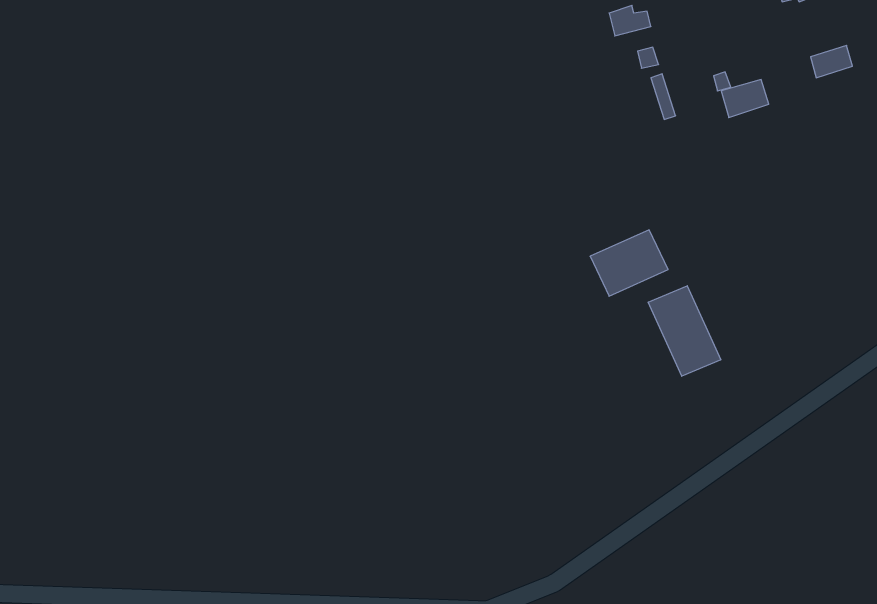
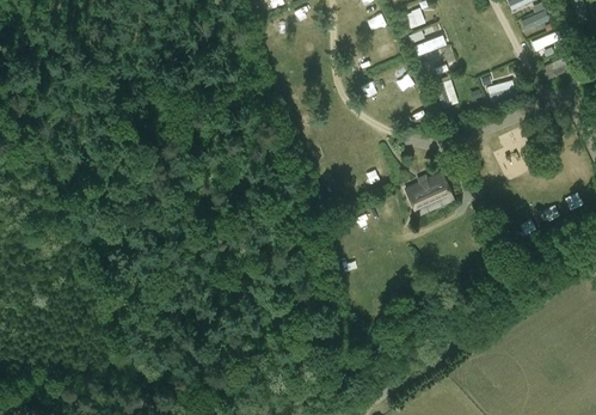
building: [648,286,721,376] -> none

